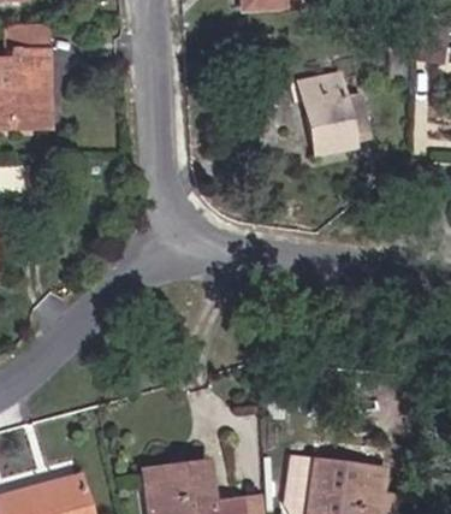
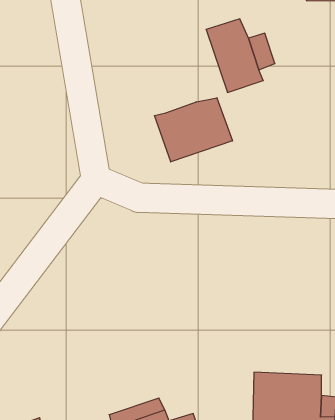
building: none -> [155,98,233,162]

